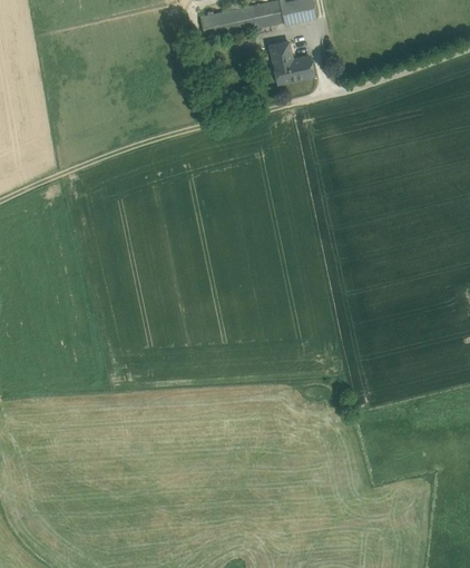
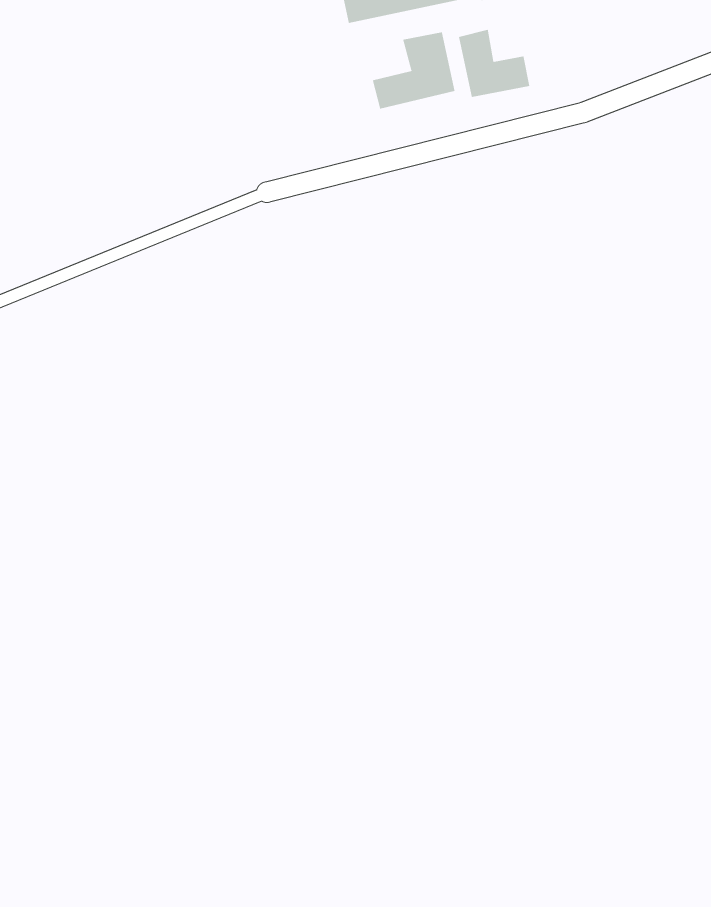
building: none -> [372,32,455,109]

